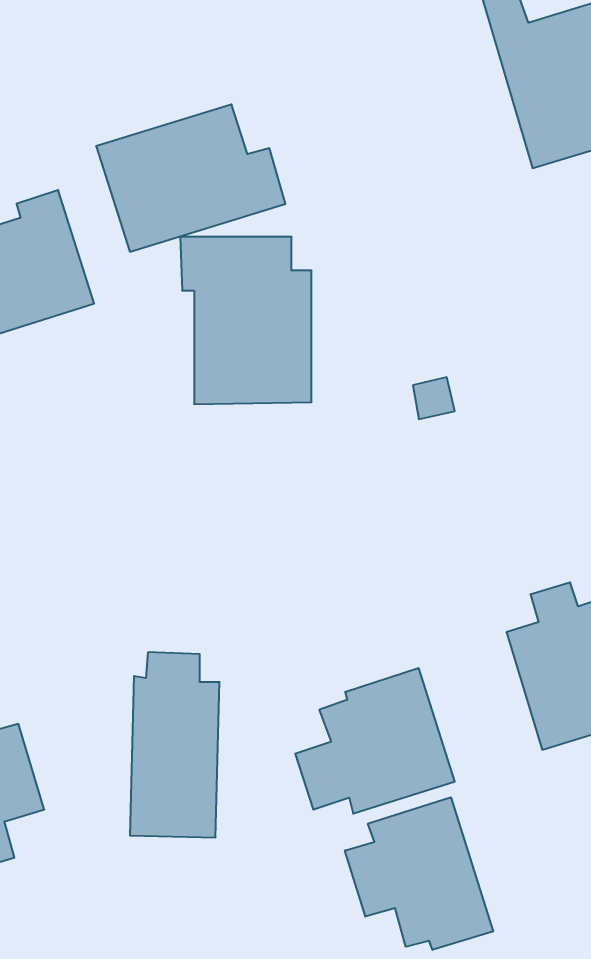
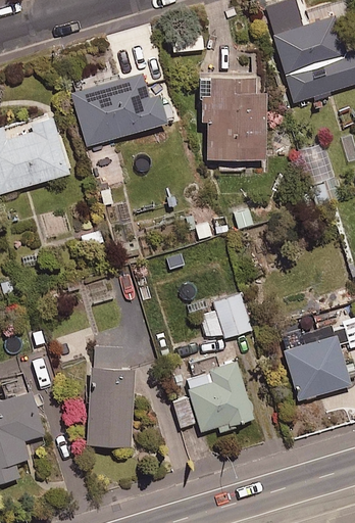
building: [180,237,312,404] -> [198,73,265,158]
building: none -> [200,294,253,341]
building: [345,797,493,950] -> none

